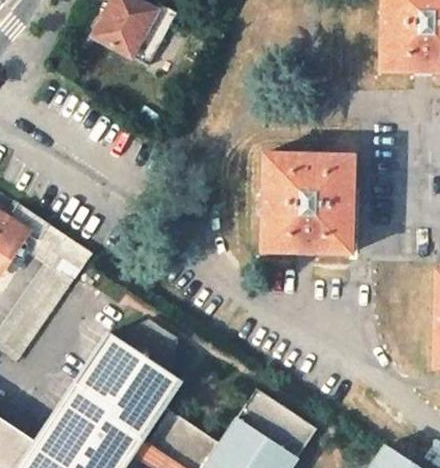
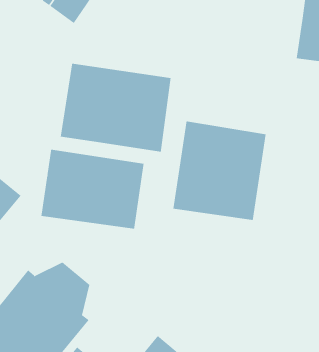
building: none -> [60,63,171,152]
building: none -> [41,149,144,230]

